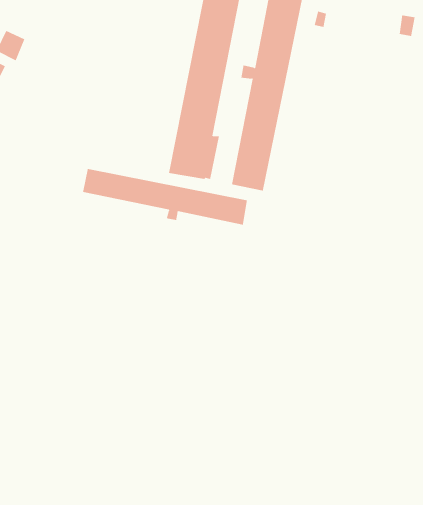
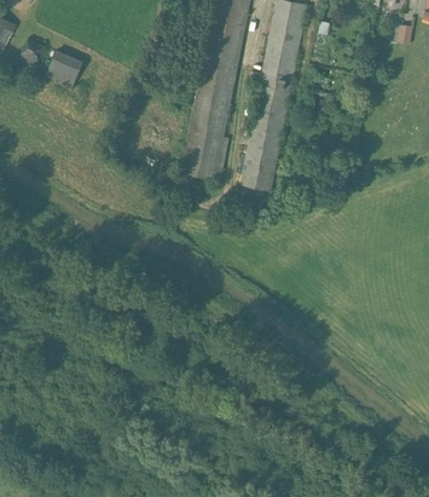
building: none -> [45,50,81,85]
building: [82,168,248,225] -> none

